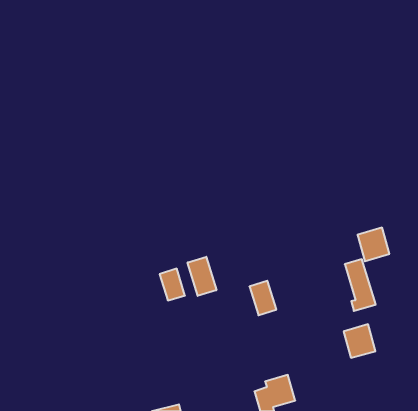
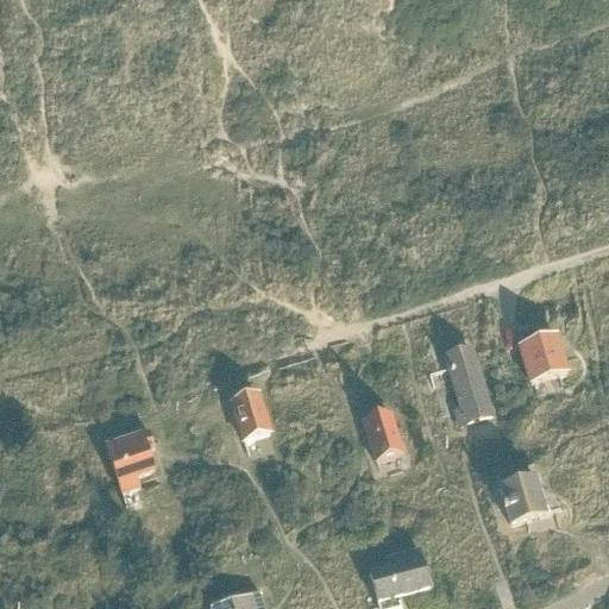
building: [188,257,216,296] -> none
building: [345,259,376,311] -> [446,345,491,420]
building: none -> [106,427,155,489]

